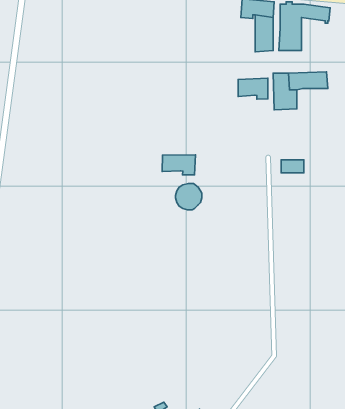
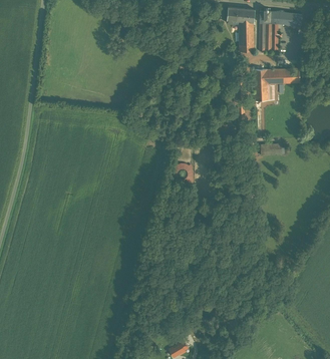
building: [238,78,268,99] -> none
building: [162,155,195,175] -> none

